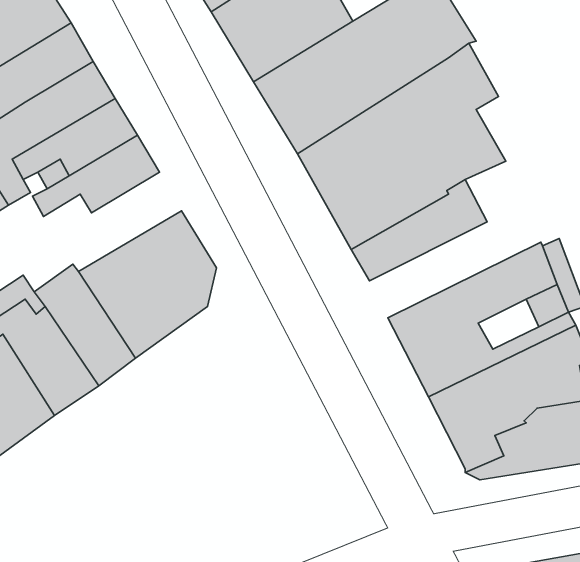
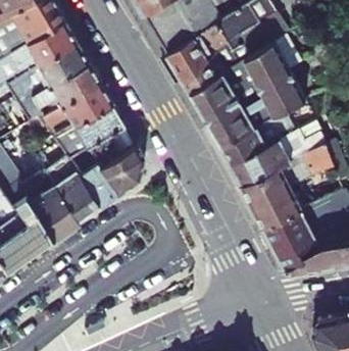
building: none -> [55,105,127,160]
building: none -> [231,123,326,186]

